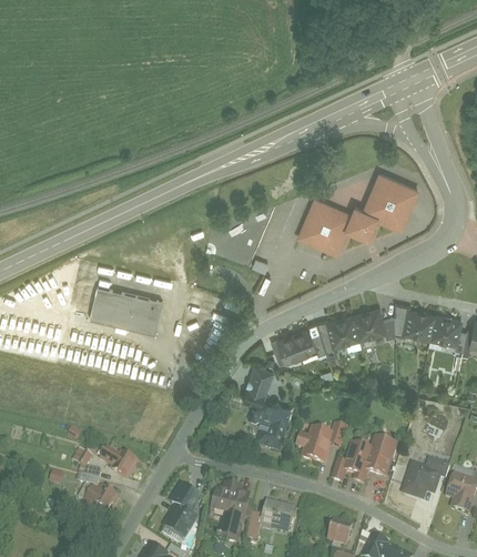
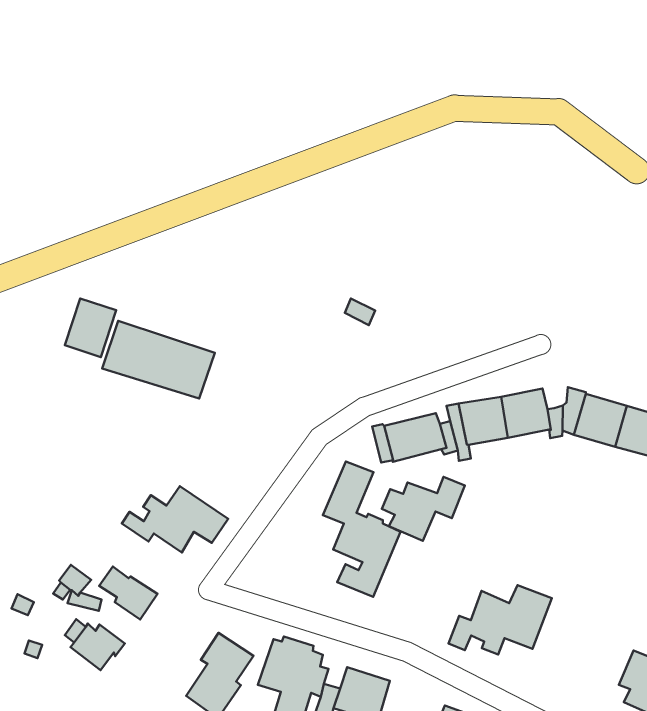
building: [296,172,419,255] -> none
building: none -> [65,298,116,357]
building: none -> [122,486,228,553]
building: [295,423,348,466] -> [382,477,465,541]
building: [400,457,450,502] -> none

